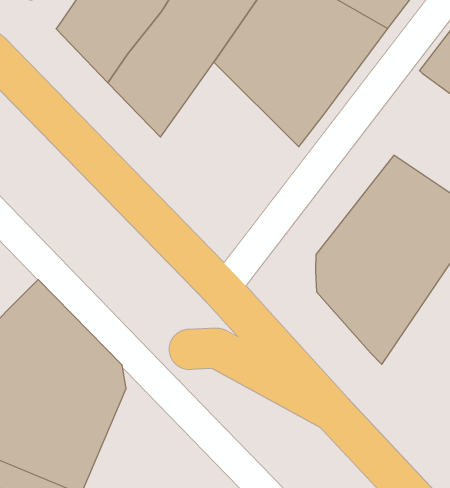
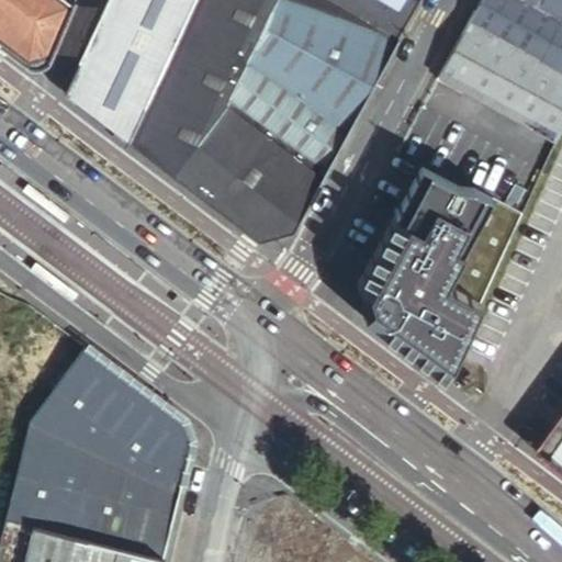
building: none -> [186,100,326,239]

